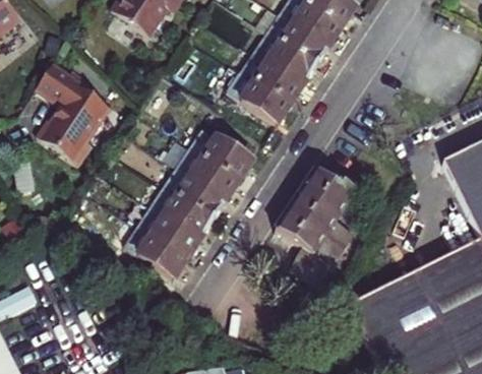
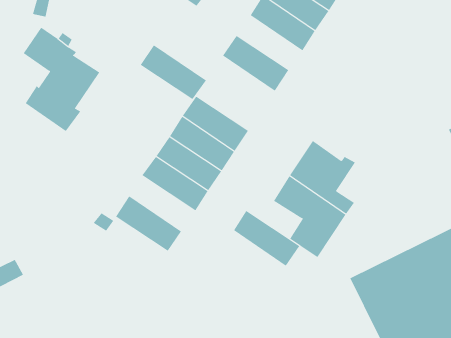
building: [240,52,304,105] -> [140,45,207,100]
building: [137,205,201,259] -> [233,210,300,266]

